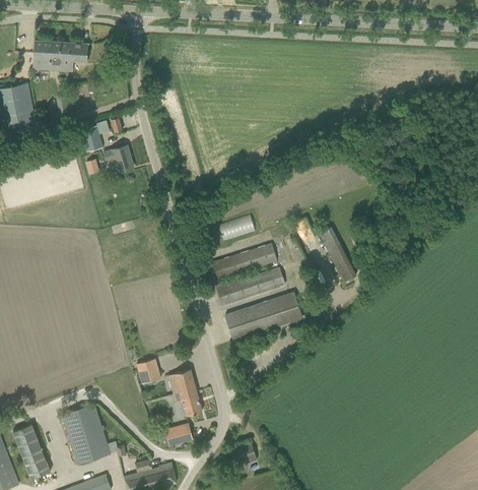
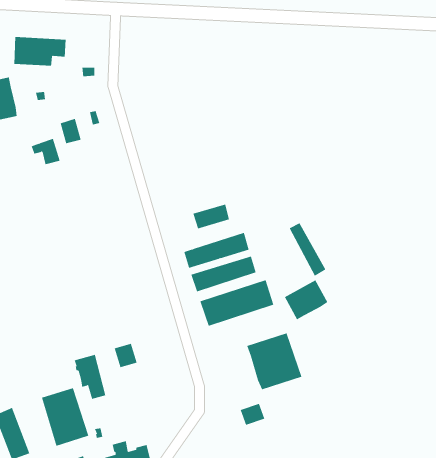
building: [103,144,133,172] -> [31,138,60,165]
building: none -> [284,279,328,320]
building: none -> [247,332,302,390]
building: [167,369,201,416] -> [74,354,106,399]
building: [164,423,192,445] -> none
building: [230,442,257,466] -> [240,403,265,426]

